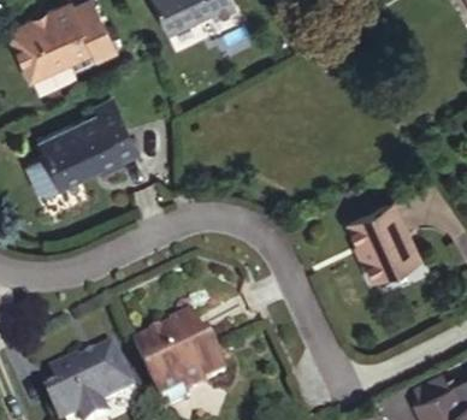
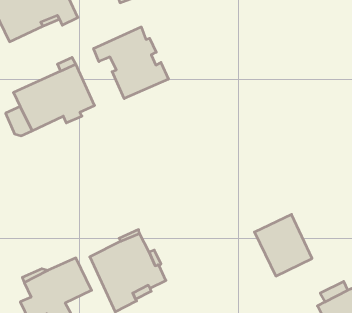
building: none -> [94,27,168,99]
building: [345,206,416,282] -> [254,214,312,276]

